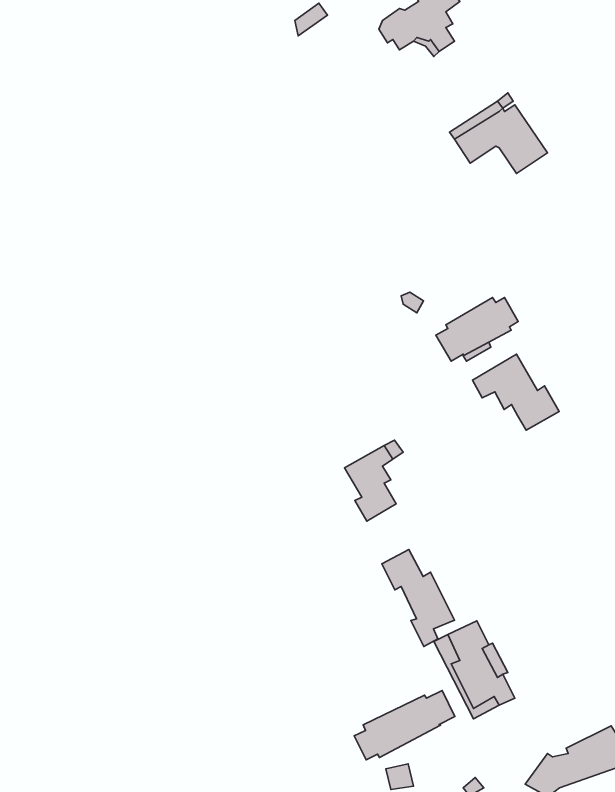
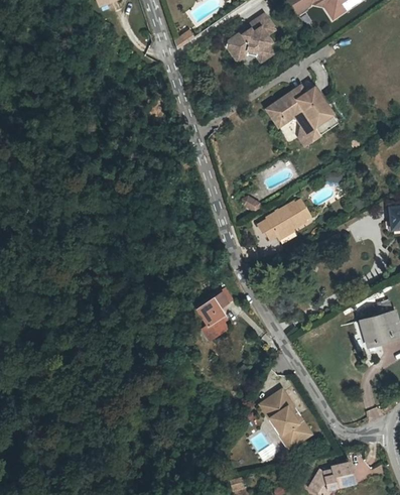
building: [473,354,559,430] -> none
building: [382,549,455,647] -> none
building: [354,690,455,760] -> none

